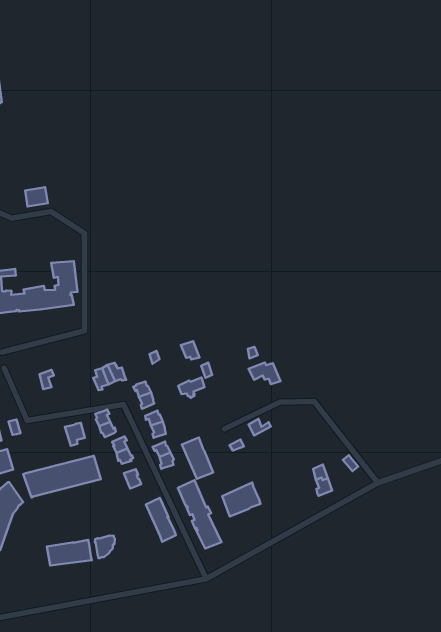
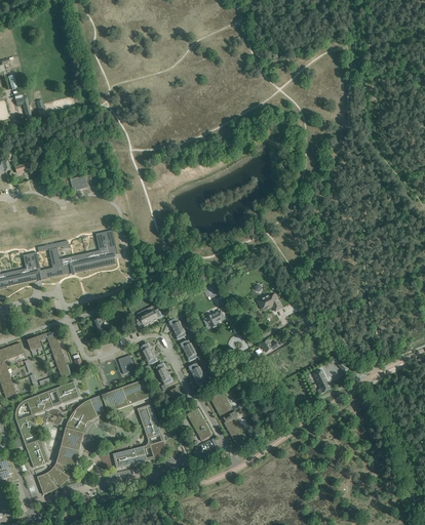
building: [182,438,213,479] -> none
building: [222,483,261,516] -> none
building: none -> [137,403,161,439]

